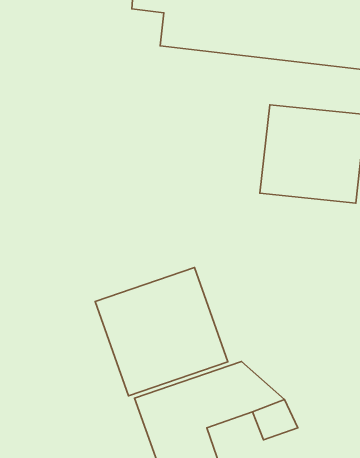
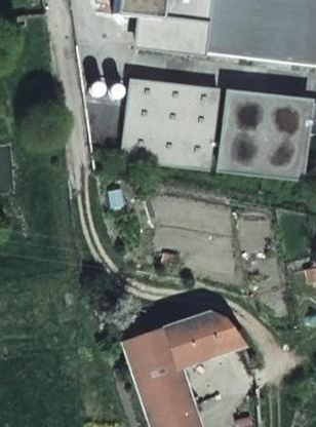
building: none -> [127,83,222,167]
building: [95,267,228,396] -> none

